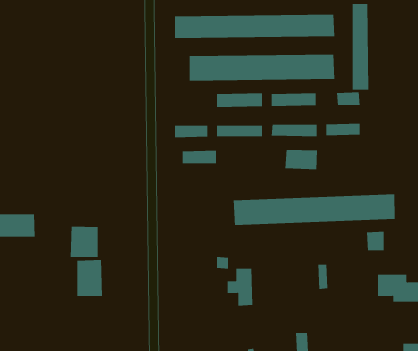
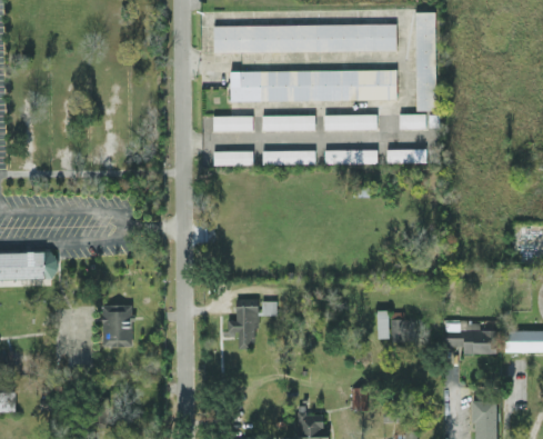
building: [285,149,317,170] -> none
building: [182,150,217,164] -> [212,116,252,131]
building: [233,193,395,226] -> none
building: [70,226,98,258] -> none
building: [366,231,385,251] -> [390,319,411,341]
building: [227,268,253,306] -> [225,306,255,349]

